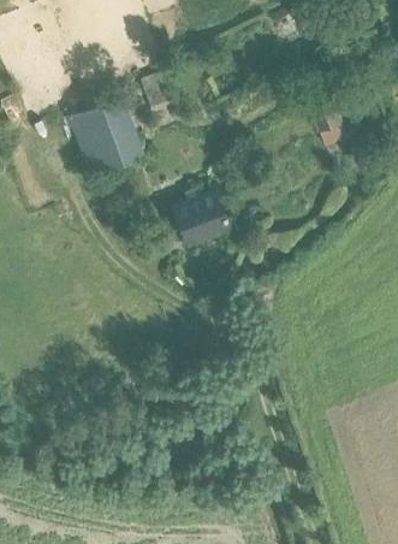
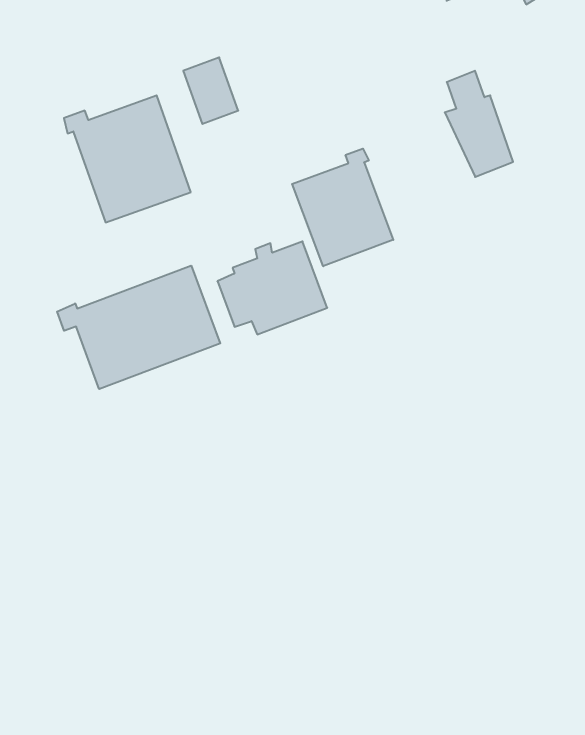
building: none -> [292,149,393,266]
building: none -> [57,266,220,389]

